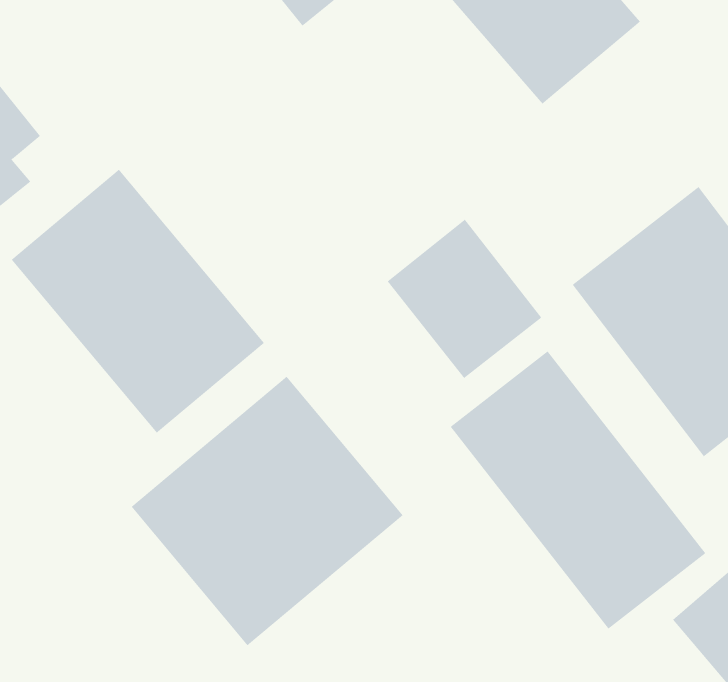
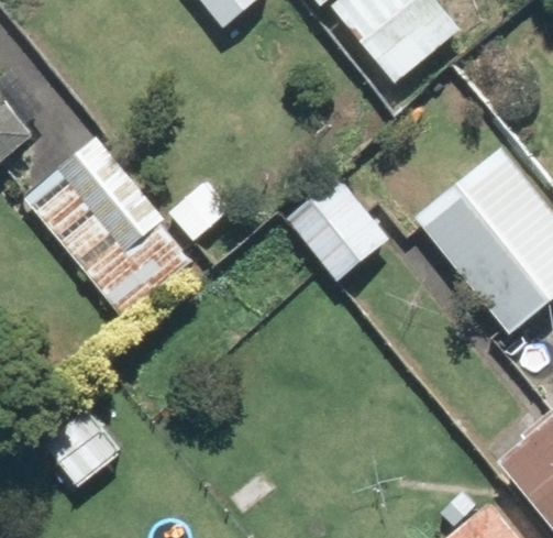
building: [450,350,706,630] -> none
building: [131,376,403,646] -> none

